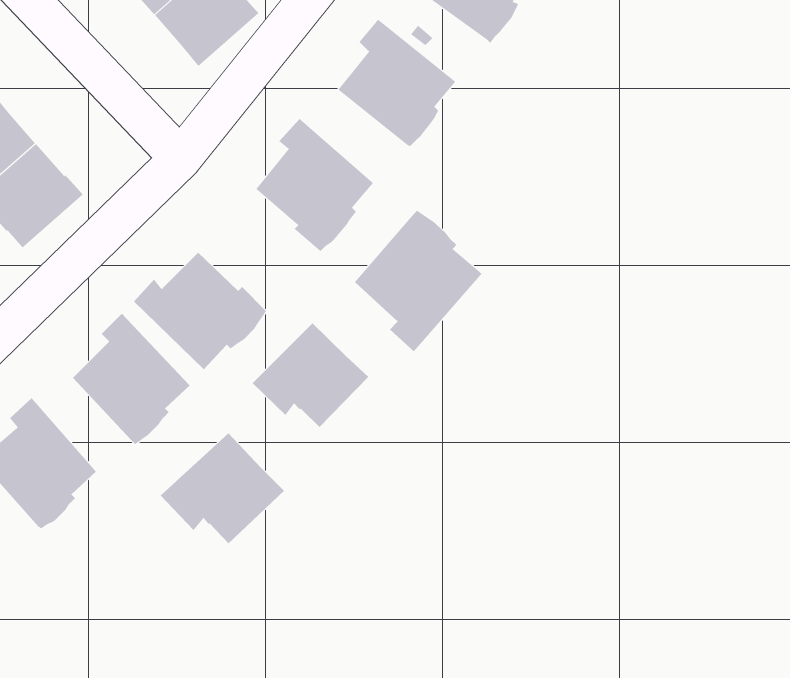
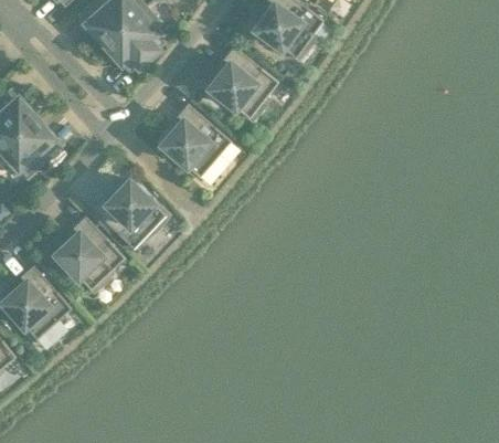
building: [354,210,483,352] -> none
building: [252,323,369,428] -> none
building: [160,432,285,544] -> none

